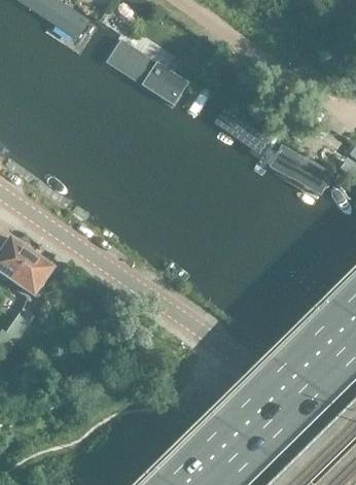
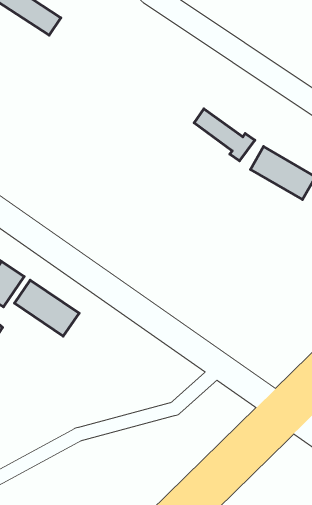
building: [107,39,187,104] -> none
building: none -> [14,280,79,336]

